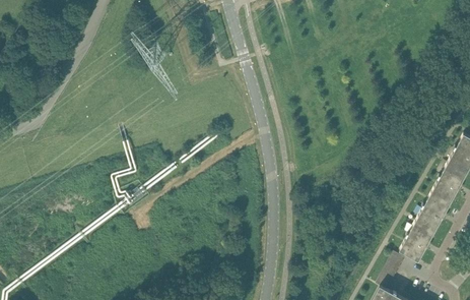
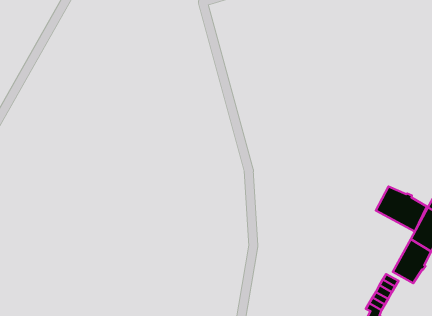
building: none -> [376,187,427,231]

